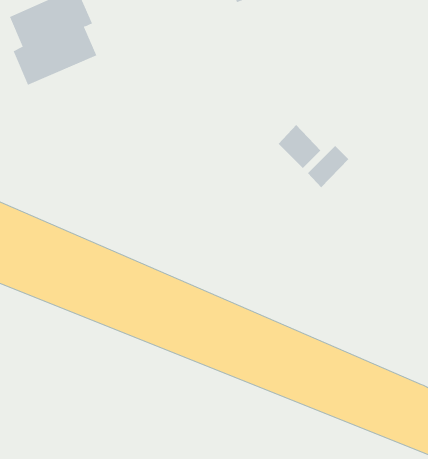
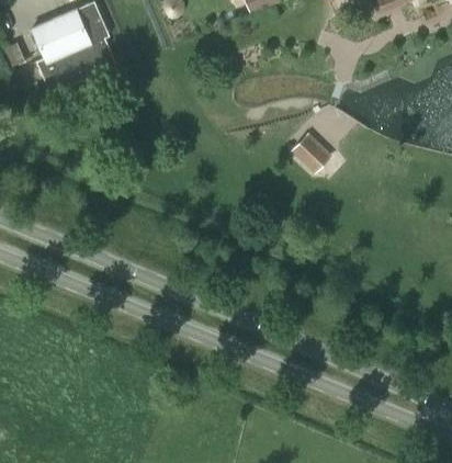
building: [307,145,349,188] -> none

